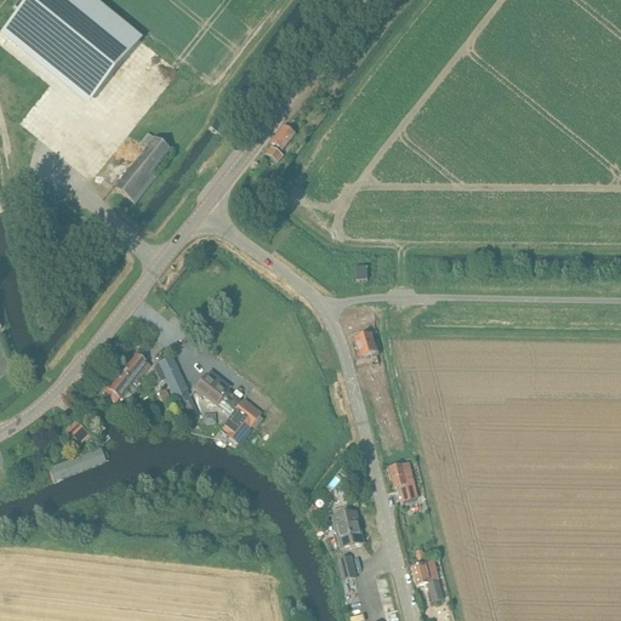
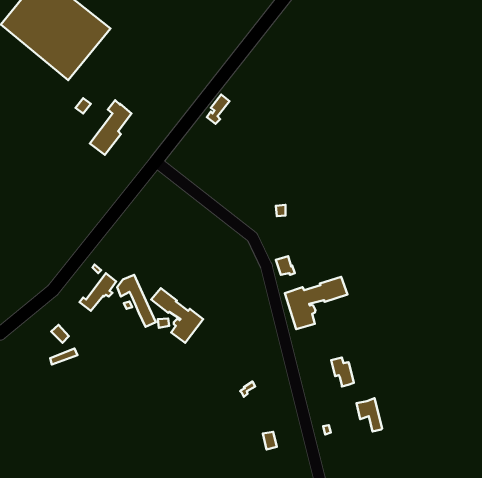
building: none -> [285,277,347,329]
building: [389,461,418,498] -> [331,357,354,387]
building: [335,509,365,546] -> none
building: [411,557,444,599] -> [357,398,382,431]

